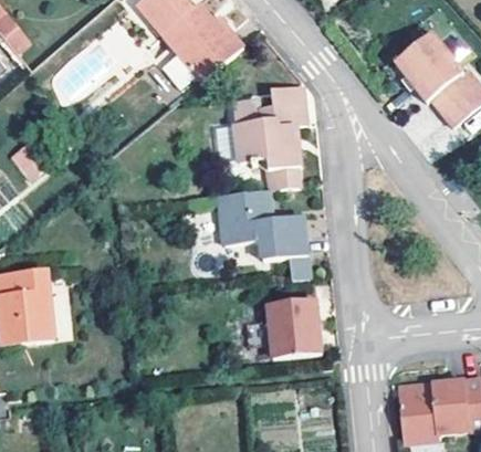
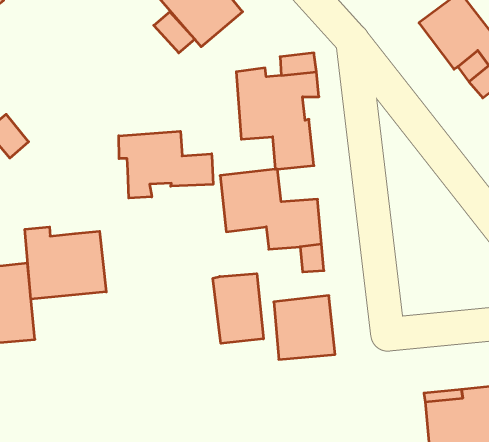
building: none -> [119,131,213,198]
building: none -> [25,227,106,299]
building: none -> [213,274,263,343]

